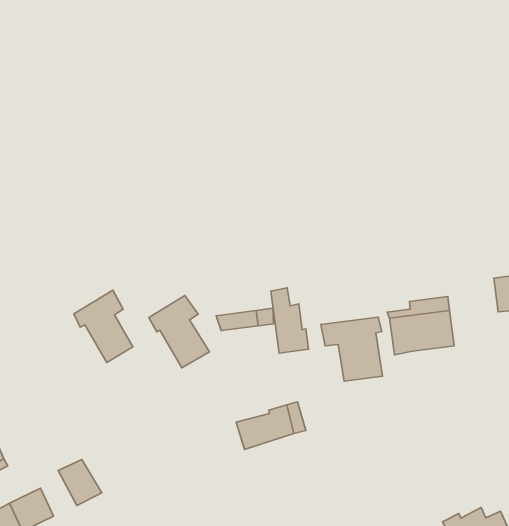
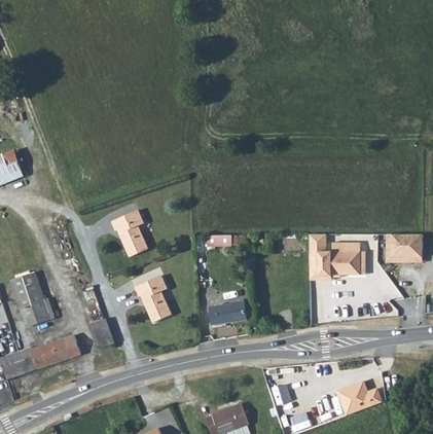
building: [271,288,308,353] -> none
building: [149,296,209,368] -> [135,276,172,323]
building: [321,317,383,381] -> none

